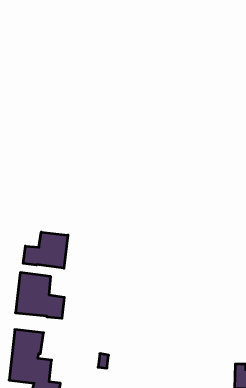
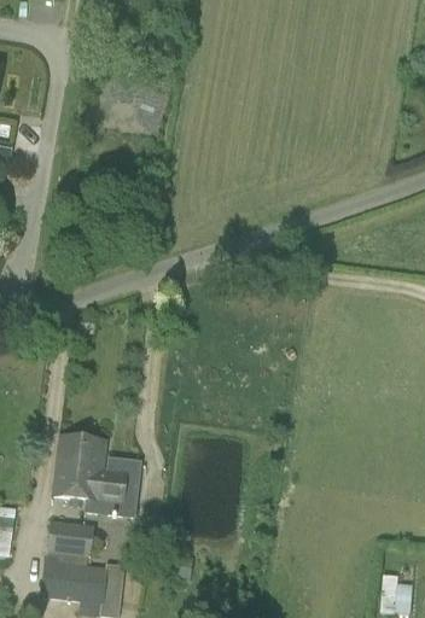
building: [23,232,68,268] -> none

